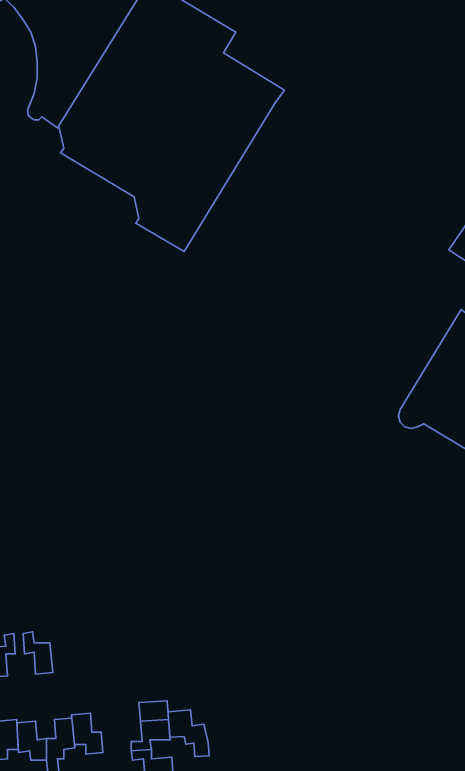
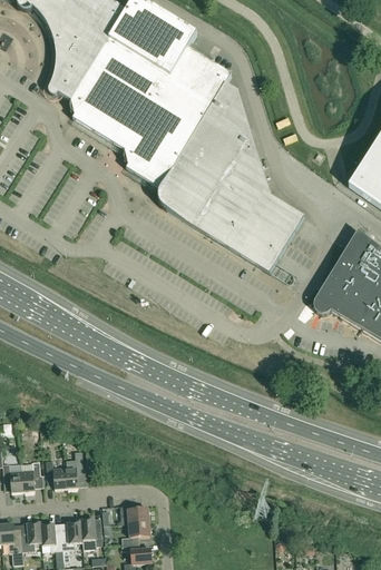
building: none -> [158,81,305,272]
building: none -> [65,449,84,487]
building: [168,709,209,757] -> none

